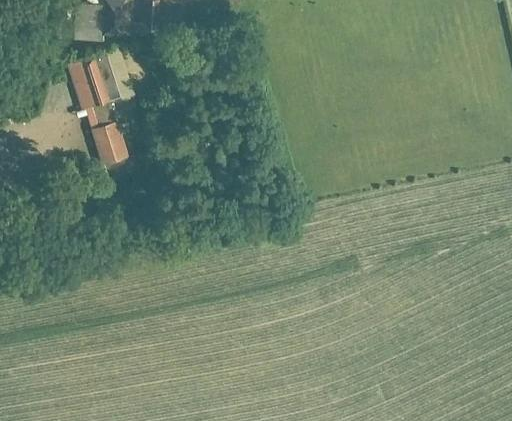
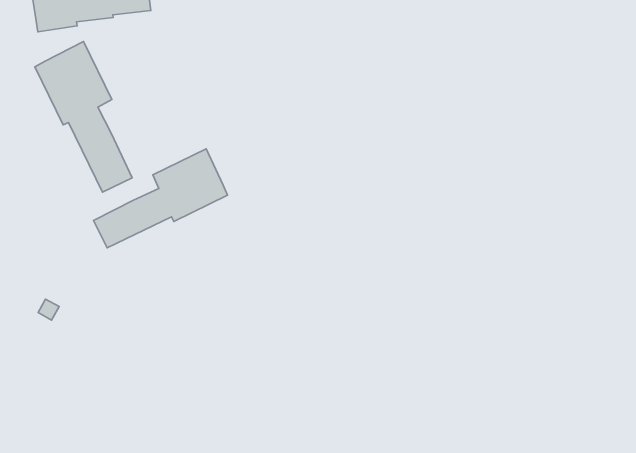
building: none -> [93,149,227,248]

